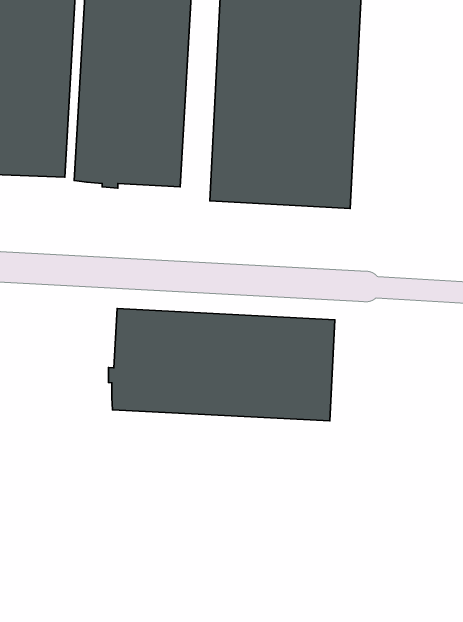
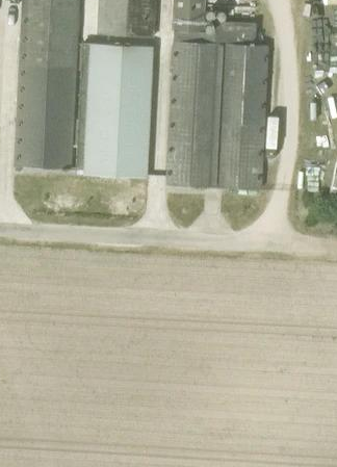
building: [108,309,335,421] -> none

